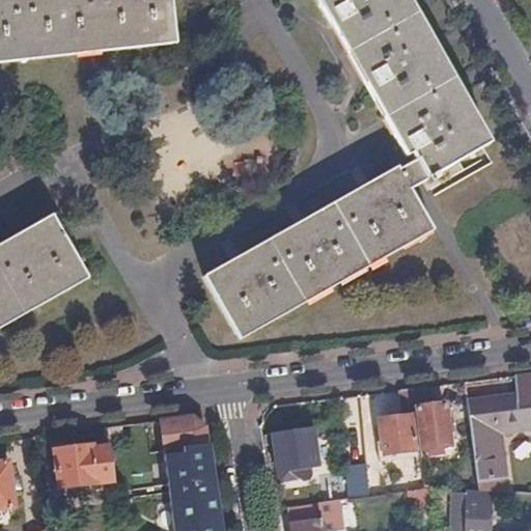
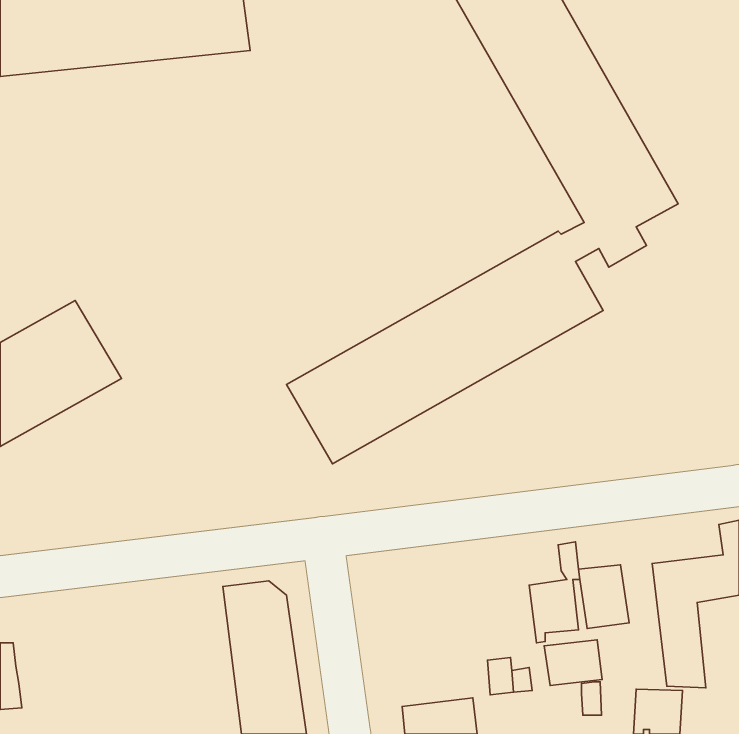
building: [272,429,319,475] -> none
building: [54,446,115,496] -> none
building: none -> [544,640,602,685]

